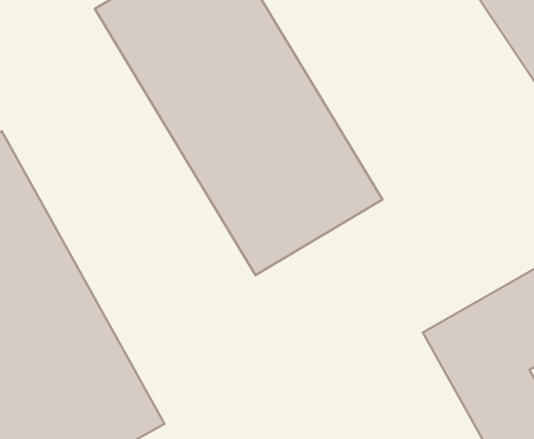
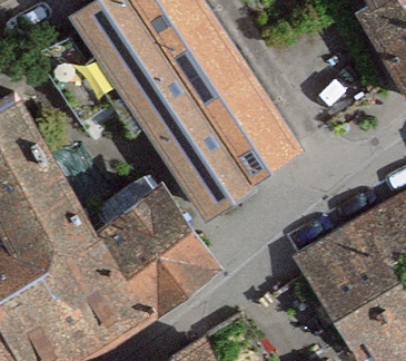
building: none -> [106,192,210,301]

